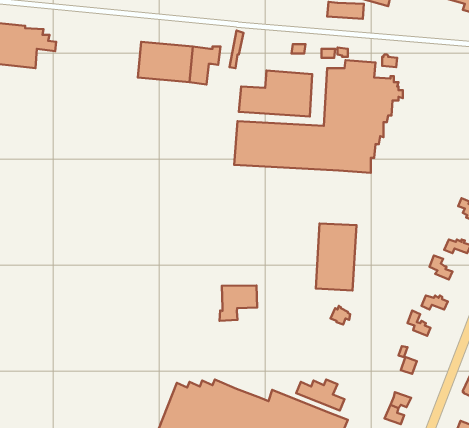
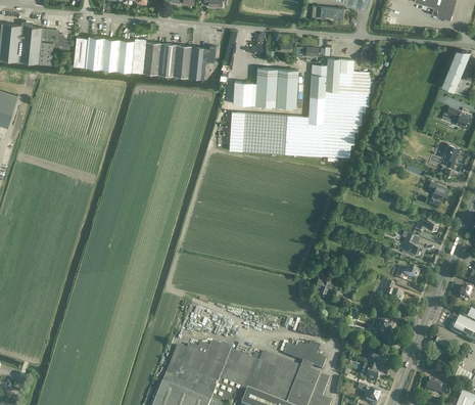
building: none -> [74,36,146,73]
building: [316,223,356,290] -> none
building: [220,285,257,321] -> none

